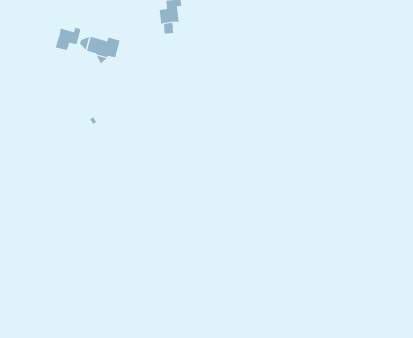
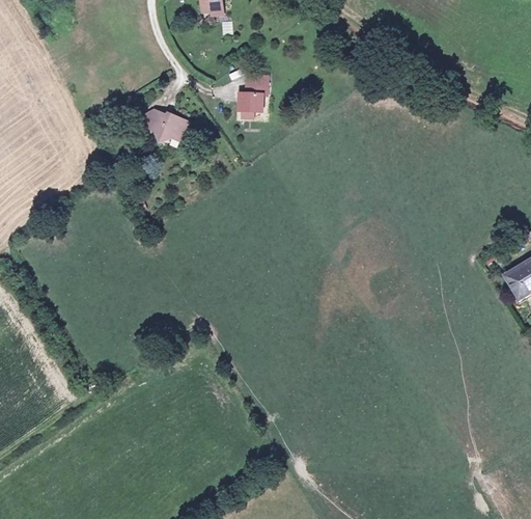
building: [55,27,81,51] -> none

